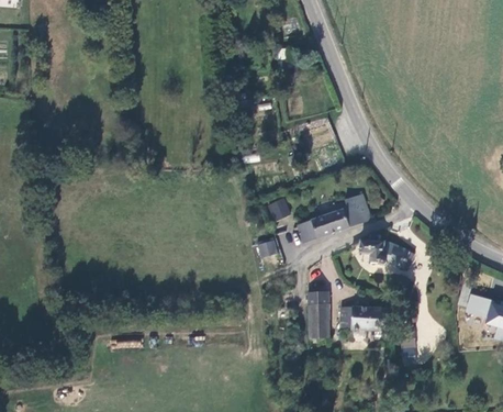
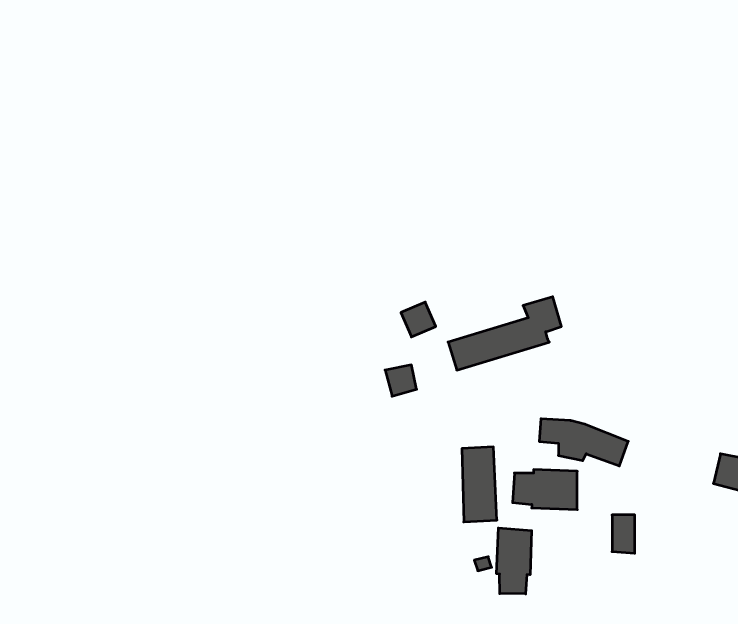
building: [358,240,414,269] -> [539,419,628,466]
building: none -> [497,528,532,594]

